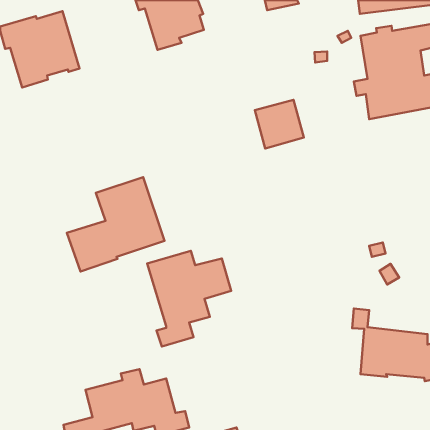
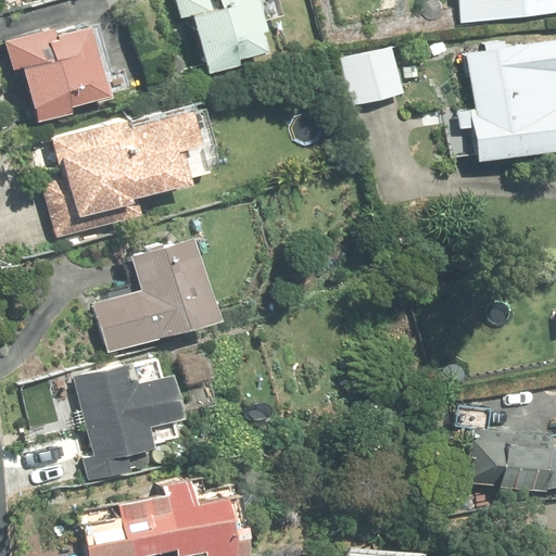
building: none -> [45,105,201,241]
building: [255,100,304,149] -> [346,50,408,112]
building: [147,251,231,347] -> [75,362,181,483]

